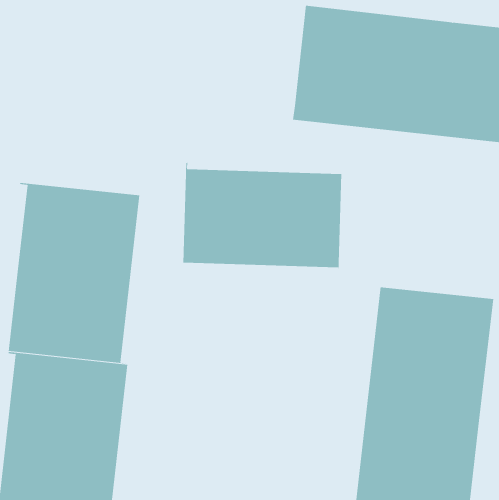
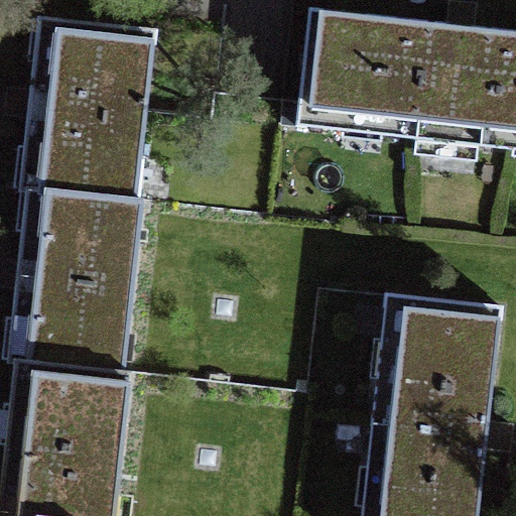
building: none -> [27,18,161,202]
building: [183,162,342,274] -> none

